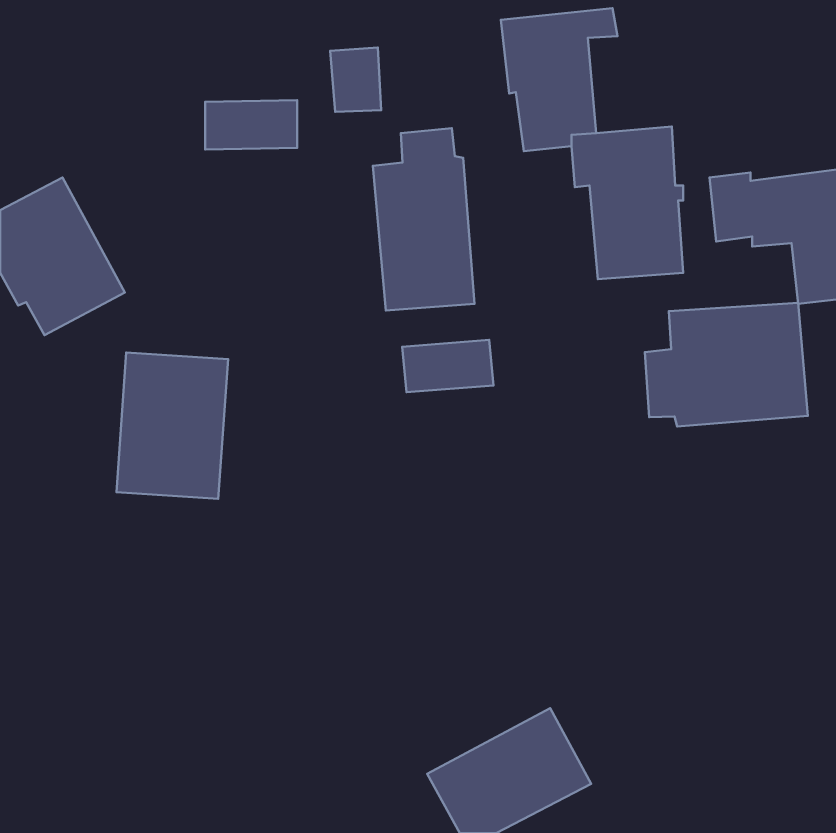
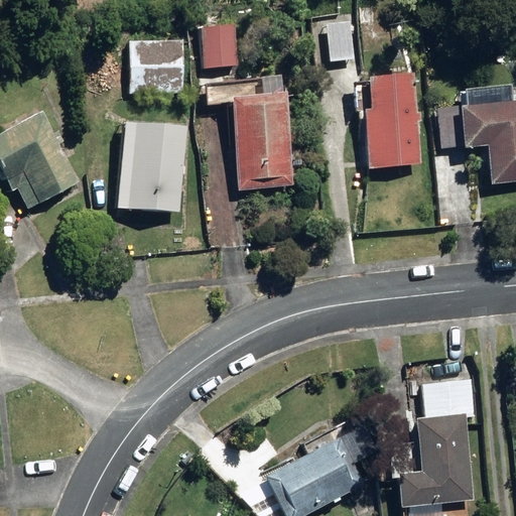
building: [645,303,808,427] -> none
building: [402,340,493,392] -> none
building: [116,353,228,499] -> [118,120,186,210]
building: none -> [396,377,477,505]

